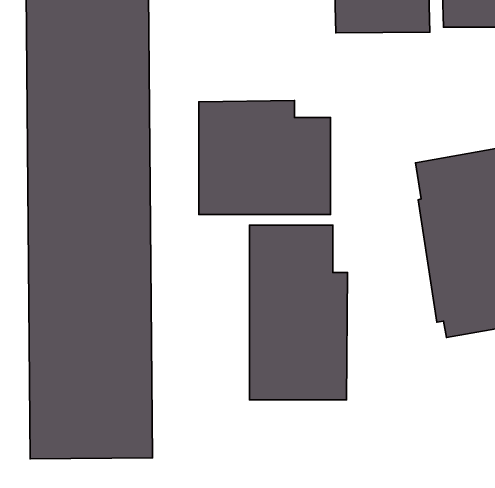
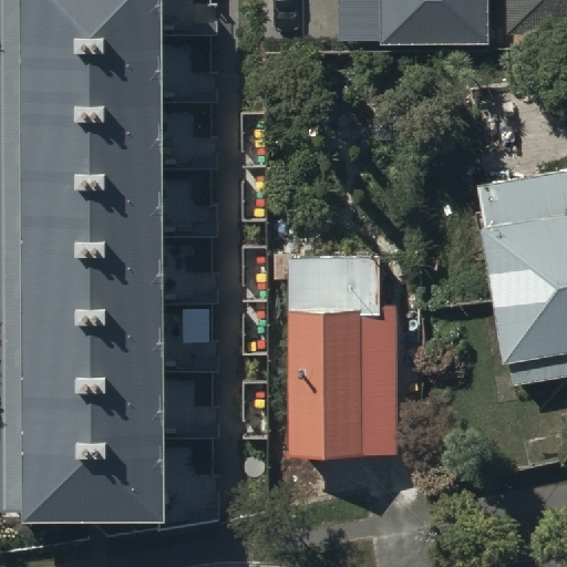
building: [199,101,330,214] -> none

